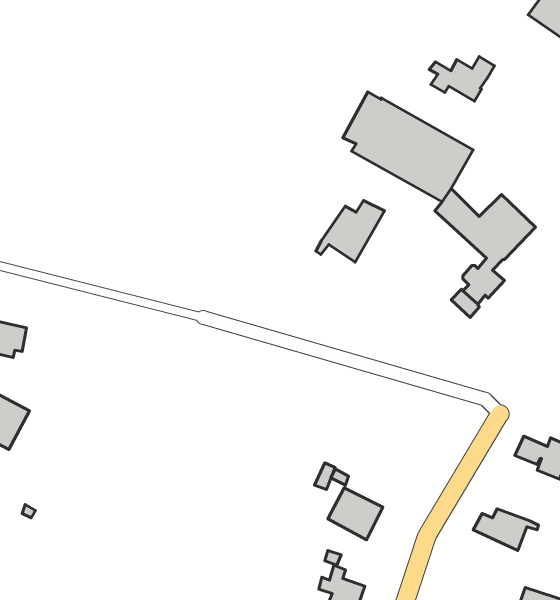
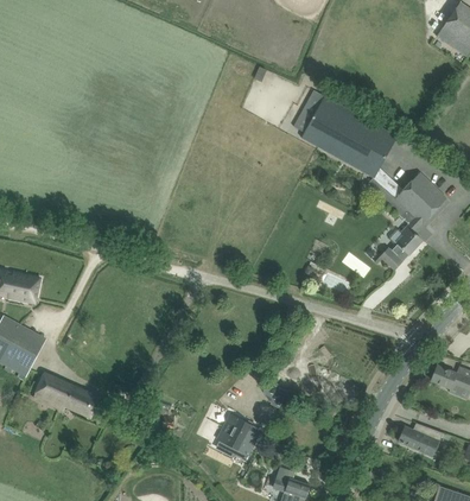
building: [429,57,495,101] -> none
building: [316,200,384,262] -> none
building: none -> [33,373,100,418]
building: [328,488,383,540] -> [217,413,261,455]

